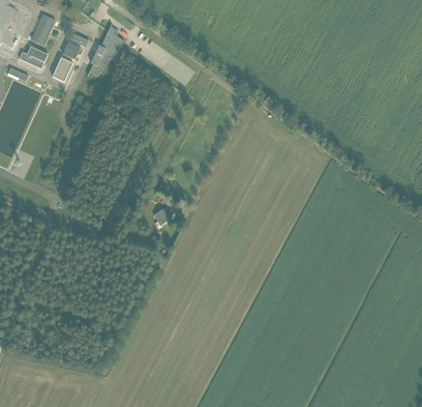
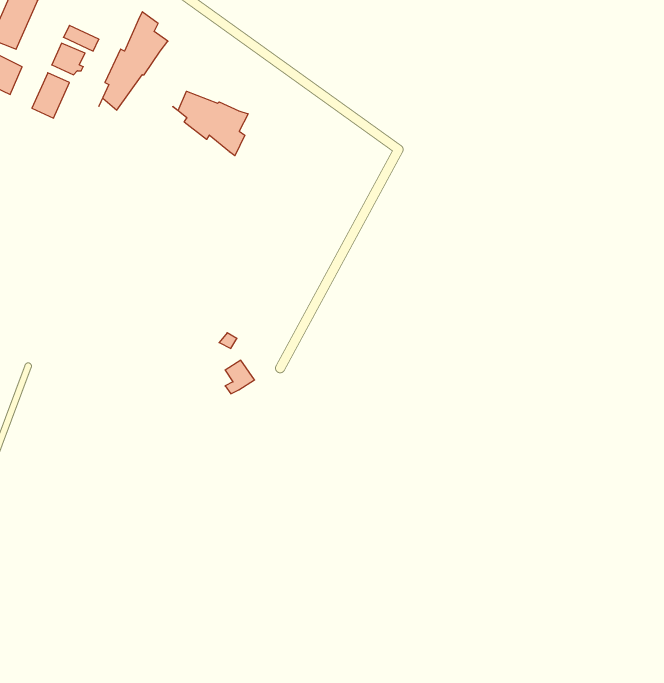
building: none -> [173,91,248,156]

